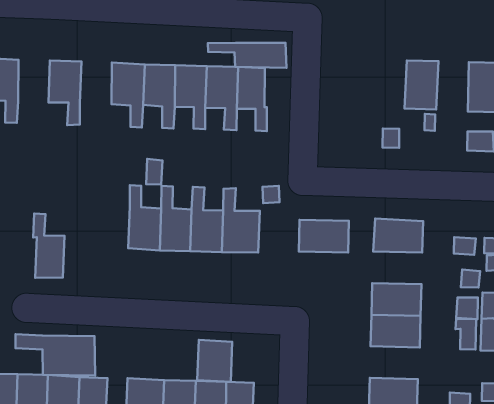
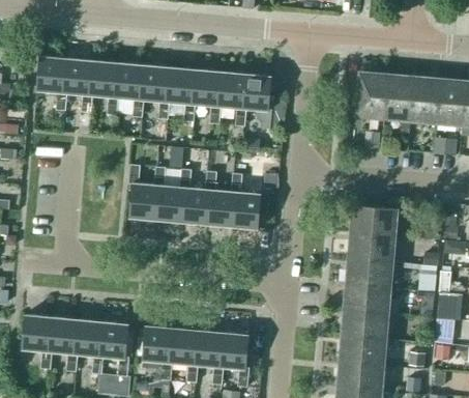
building: [208,43,286,68] -> none
building: none -> [358,75,388,116]
building: none -> [67,59,95,113]
building: none -> [410,79,439,121]
building: none -> [118,63,146,117]
building: [33,213,64,278] -> [128,165,154,219]
building: [299,220,349,253] -> [350,232,392,261]
building: [15,334,95,376] -> none
building: [197,340,232,382] -> none
building: none -> [344,310,386,339]

